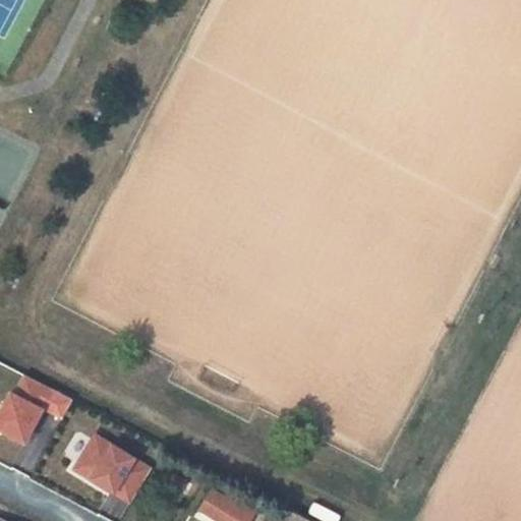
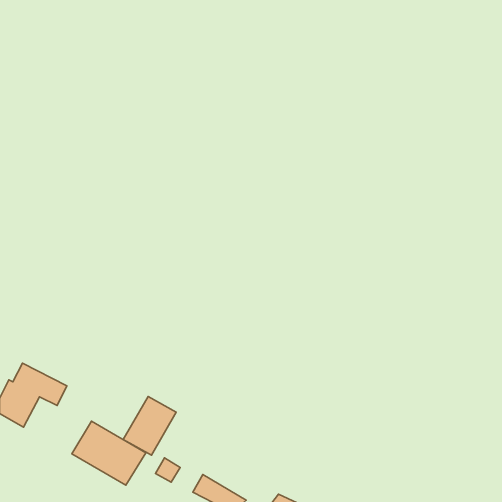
building: none -> [123,397,176,455]

